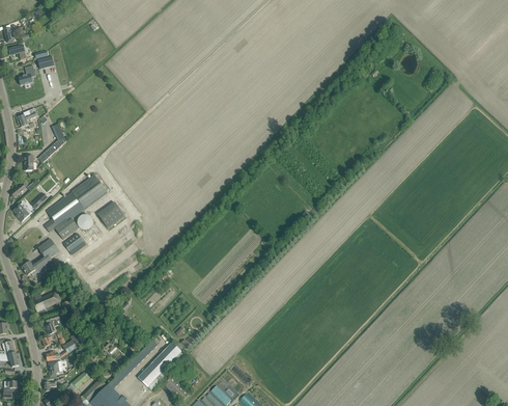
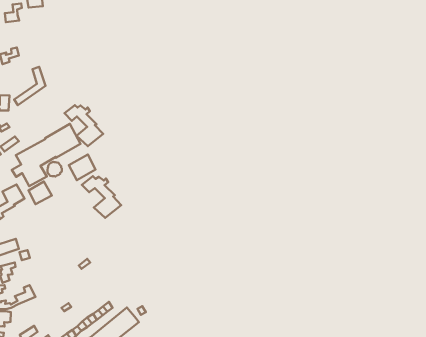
building: none -> [65,105,103,146]
building: none -> [82,176,121,218]

